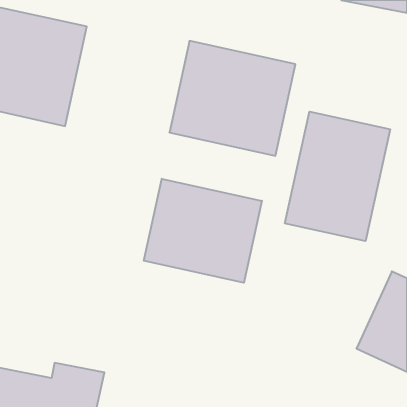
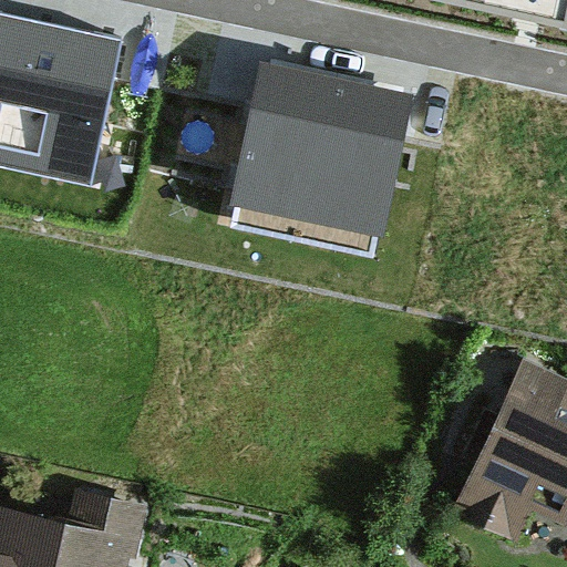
building: [285,112,390,241] -> none
building: [144,179,262,283] -> none

